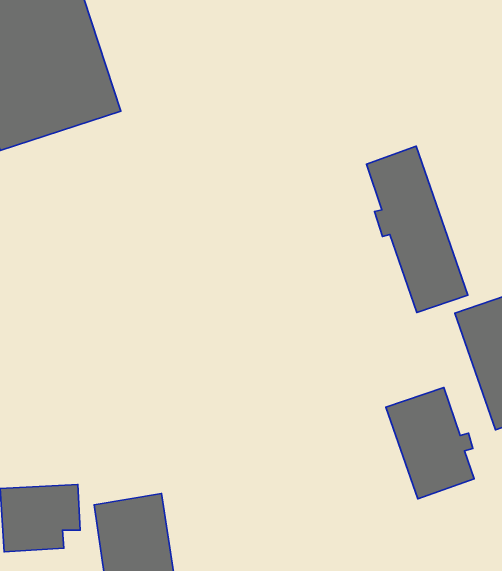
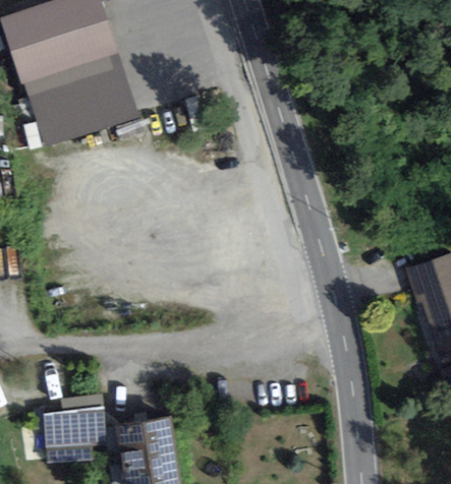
building: [366,146,468,313] -> none
building: [386,387,474,499] -> none

